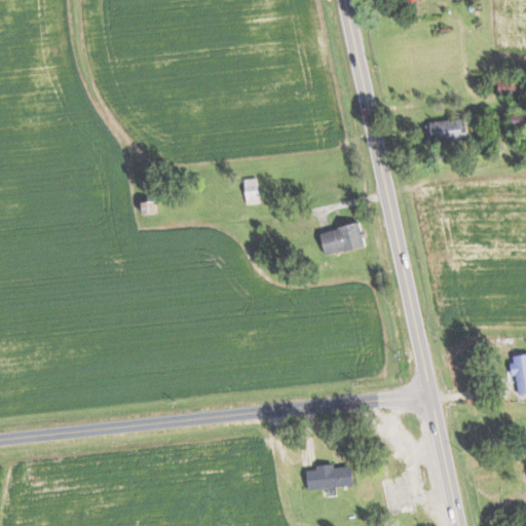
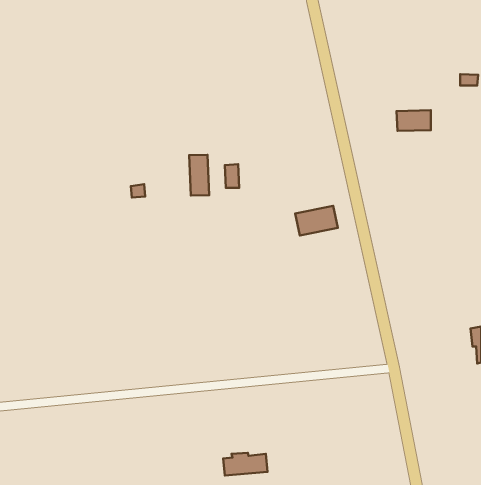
building: none -> [189,155,209,196]
building: [306,464,354,489] -> [223,453,268,476]

